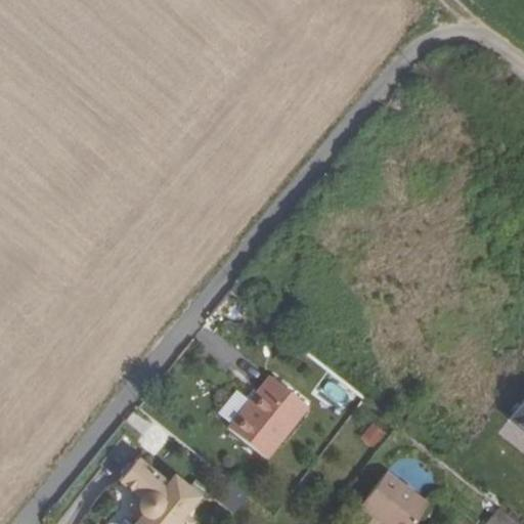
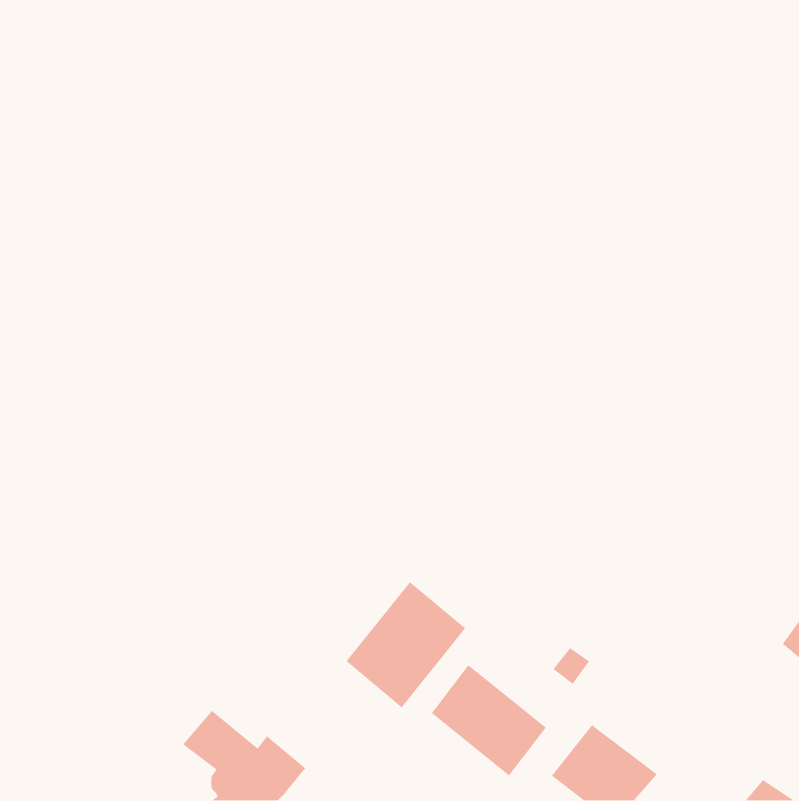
building: none -> [431,664,547,776]

